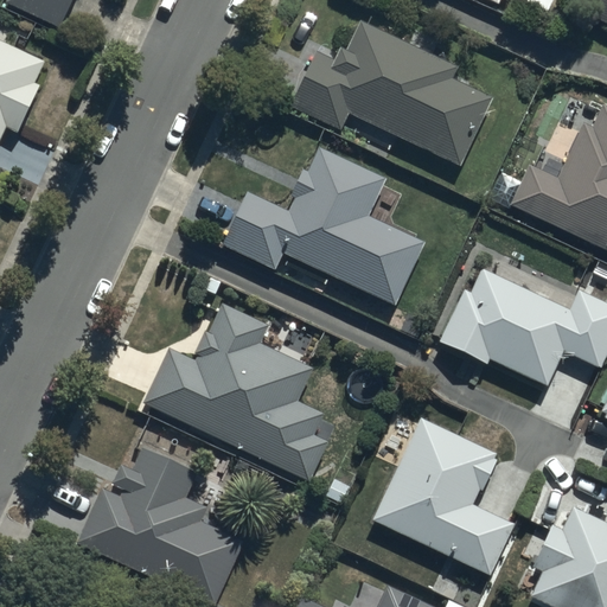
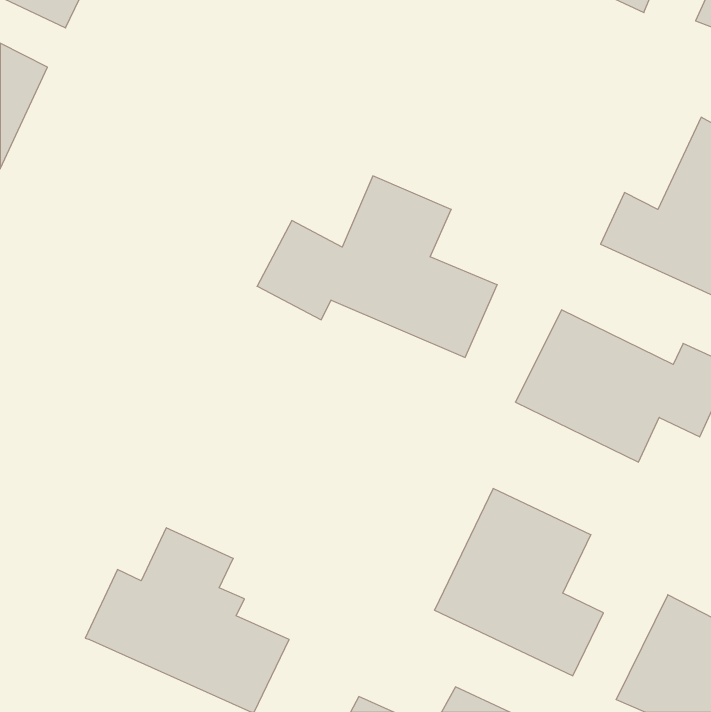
building: [293,21,492,166] -> none
building: [141,302,328,483] -> none

